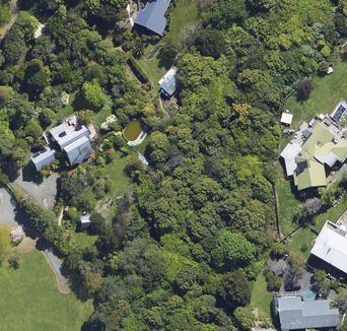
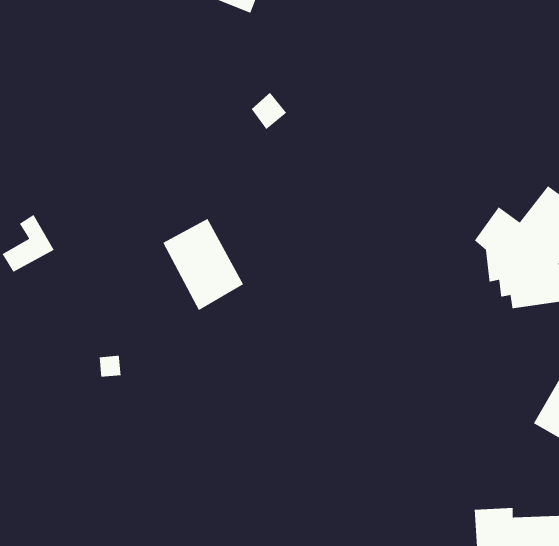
building: [49,117,92,167] -> [162,218,244,311]

